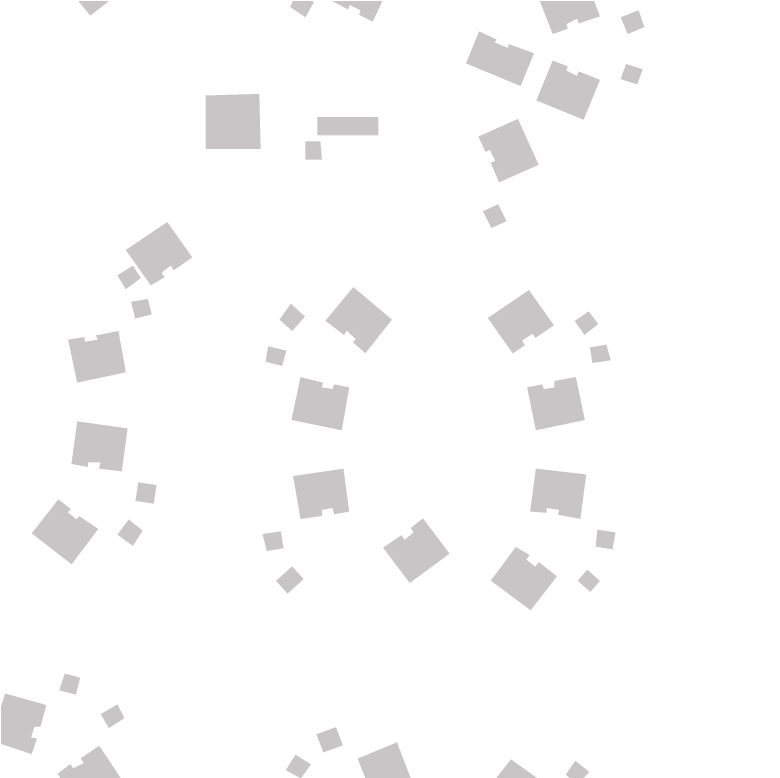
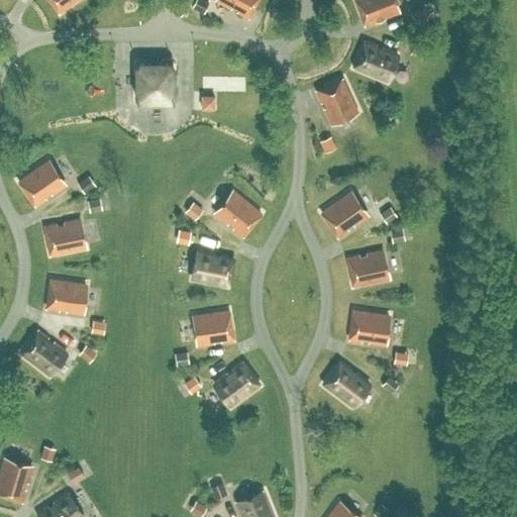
building: [465,30,535,87] -> none
building: [125,221,193,287] -> [19,162,65,205]
building: [382,517,451,584] -> [214,363,260,407]

